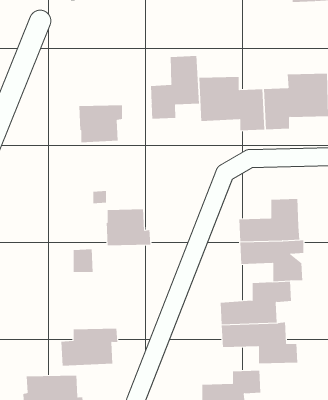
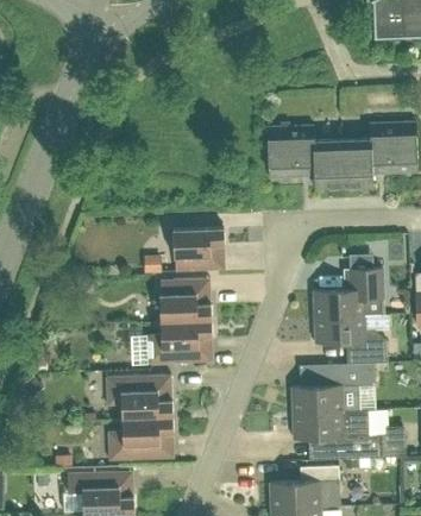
building: [151,55,200,119] -> none
building: [78,105,123,143] -> [172,227,224,271]
building: none -> [146,320,212,364]
building: none -> [106,375,172,417]

